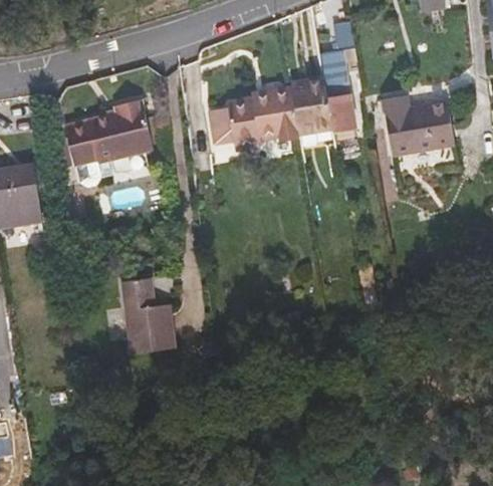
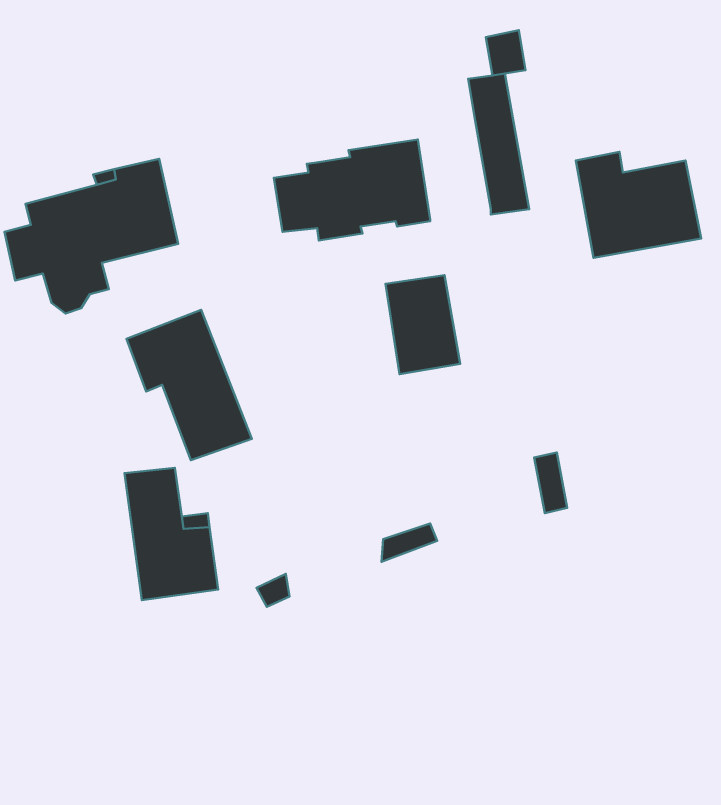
building: [290,77,333,135] -> [385,275,460,374]
building: none -> [127,310,252,460]

